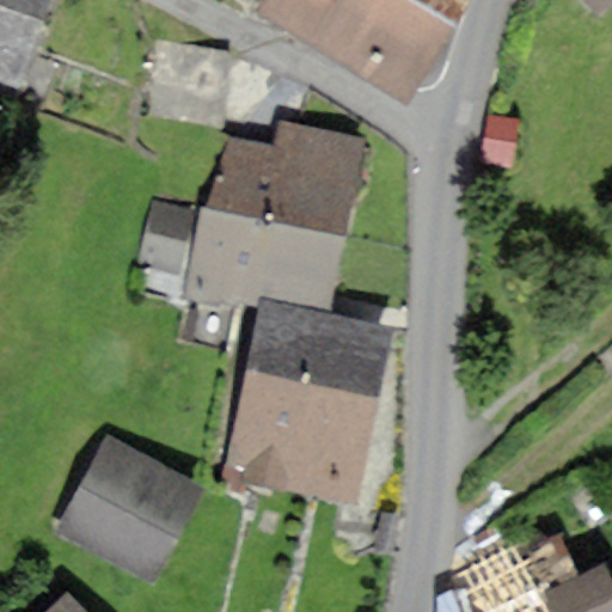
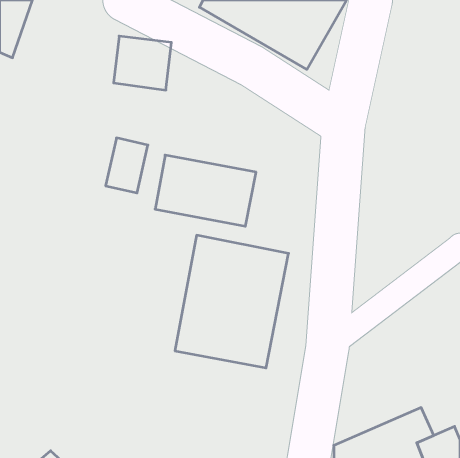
building: [219,131,355,232] -> none
building: [67,445,196,575] -> none

